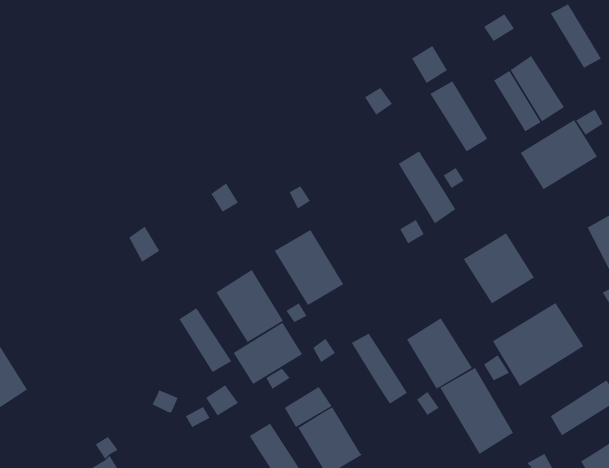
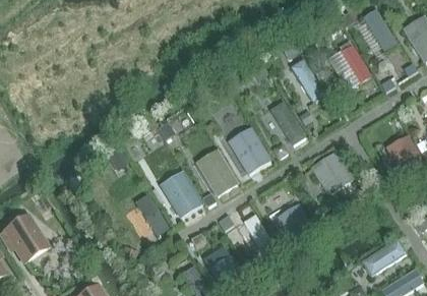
building: [520,119,598,190] -> none
building: none -> [228,127,270,174]
building: [492,302,584,387] -> none
building: [233,322,303,385] -> none
building: [439,367,514,455] -> none

